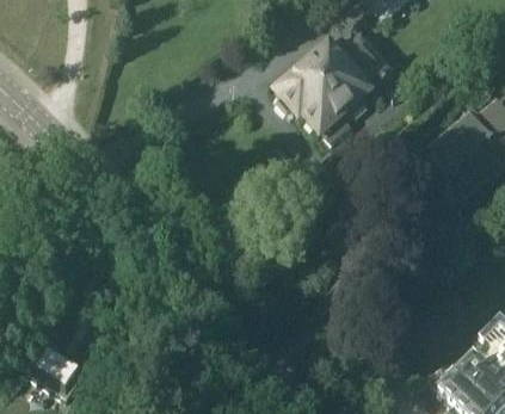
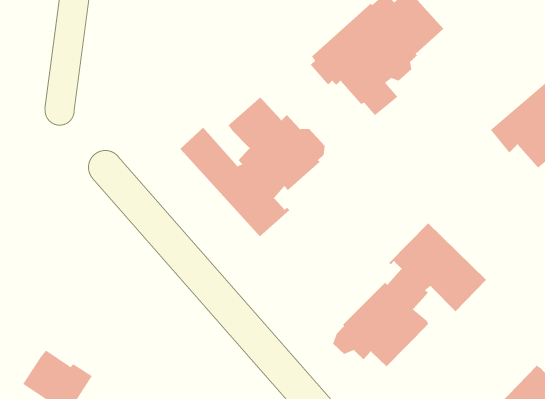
building: none -> [180,96,325,237]
building: none -> [332,223,487,367]

